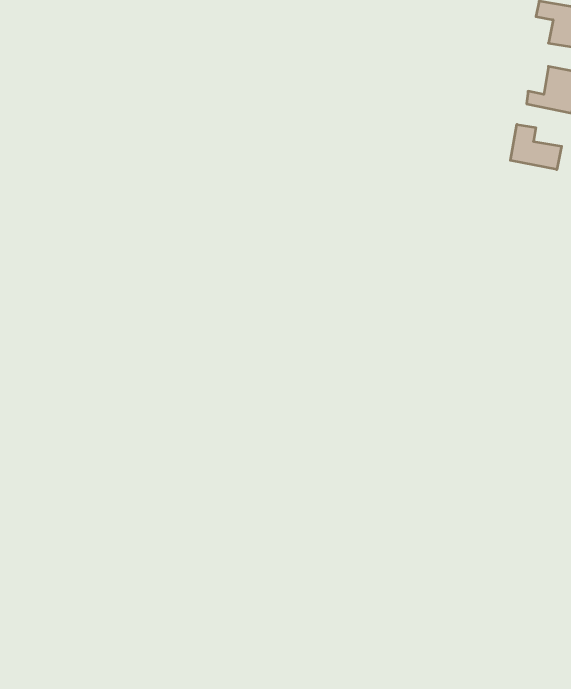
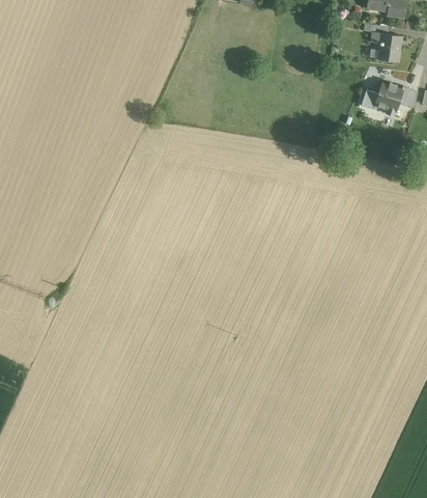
building: [510,124,562,170] -> none

